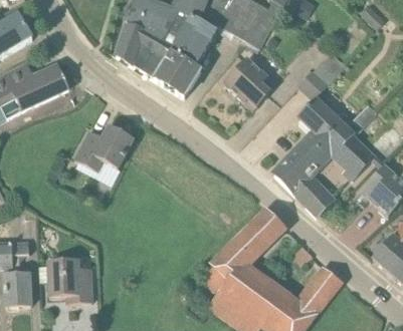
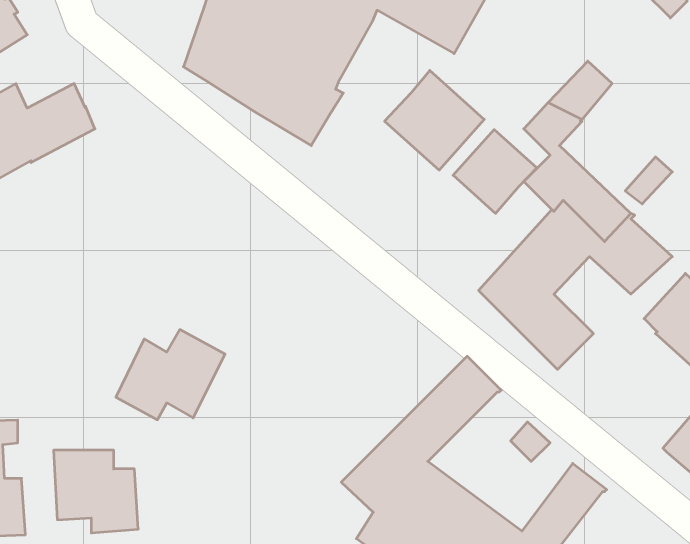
building: none -> [453,130,537,213]
building: [74,124,133,173] -> [116,330,225,420]

